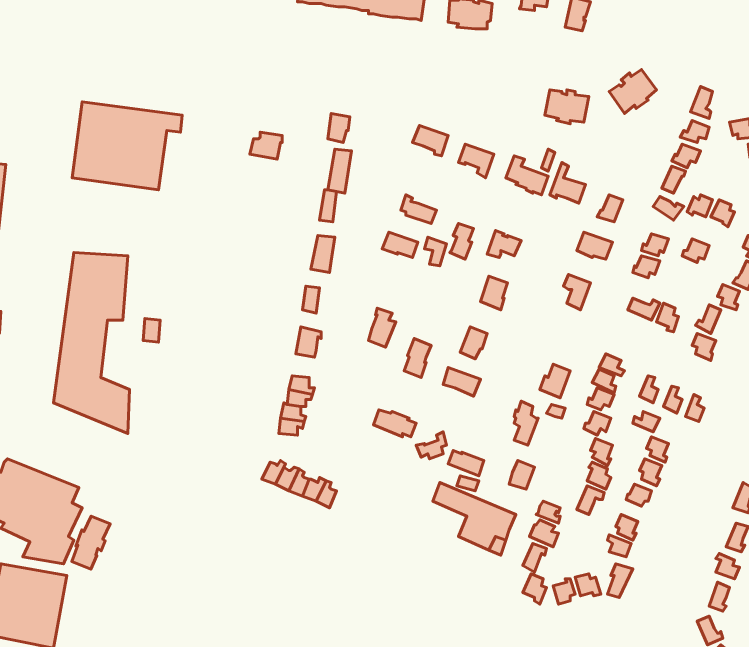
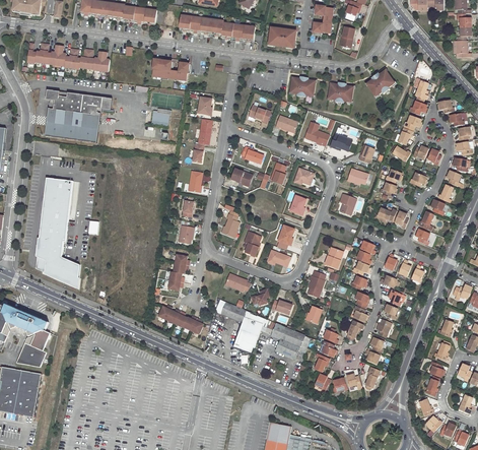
building: none -> [25,43,109,70]
building: none -> [151,59,189,79]
building: none -> [289,76,316,97]
building: none -> [215,299,265,353]
building: [72,516,110,569] -> none

